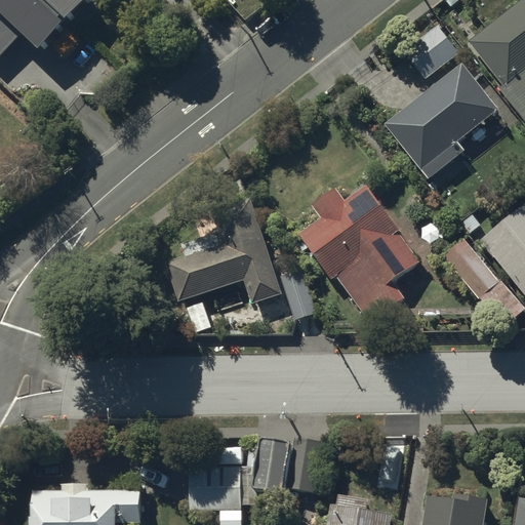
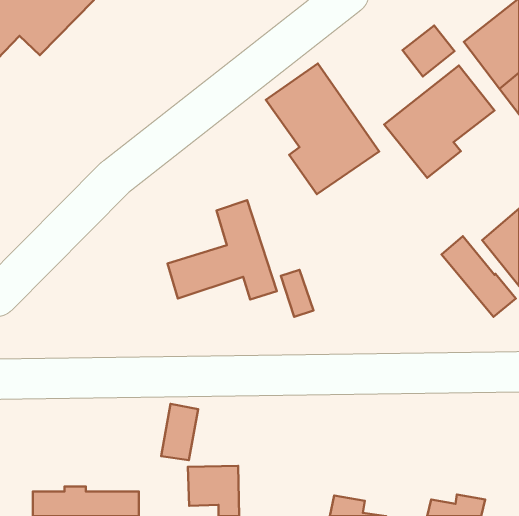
building: none -> [266,64,379,194]
building: [300,187,417,318] -> none
building: [253,437,290,493] -> [161,404,198,460]

